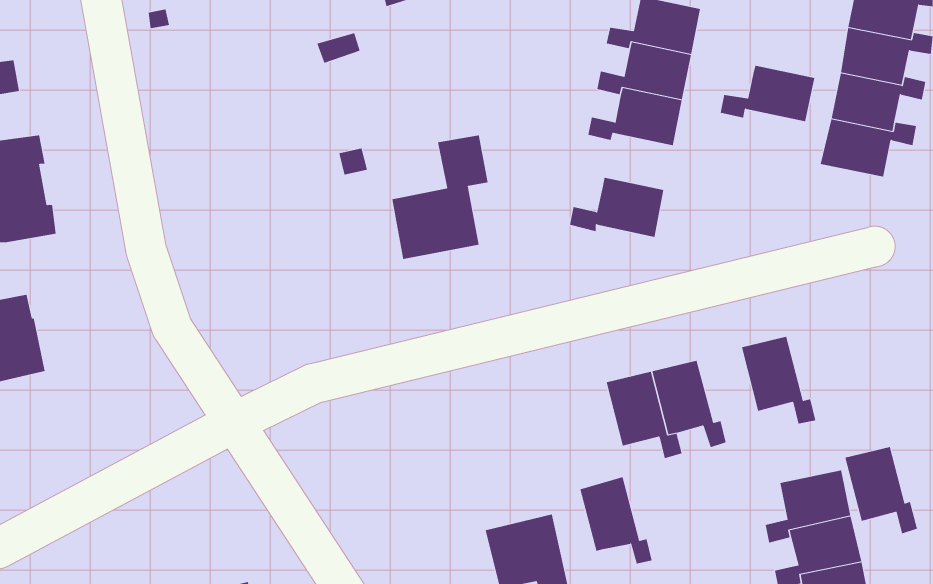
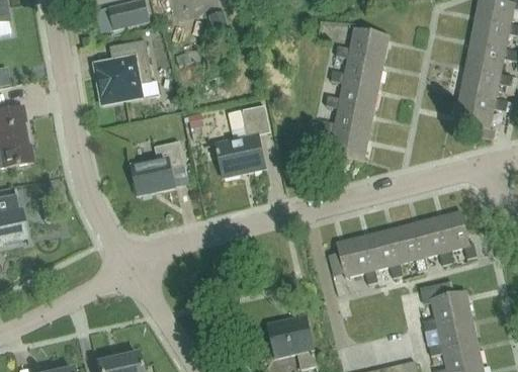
building: none -> [95,39,152,102]
building: [720,65,815,122] -> [320,104,372,135]
building: none -> [132,140,184,194]
building: [845,446,918,534] -> [435,210,476,259]
building: [579,476,653,564] -> [385,222,426,271]

